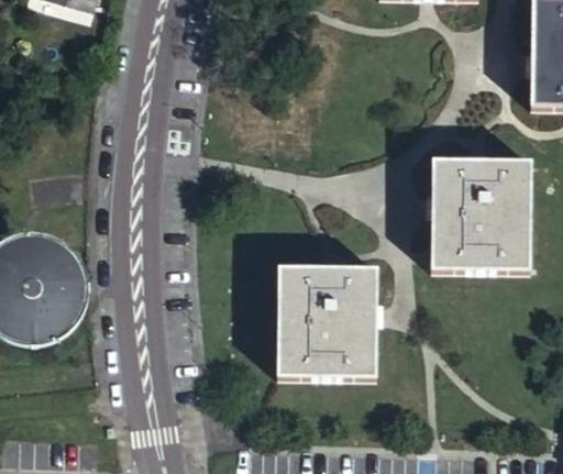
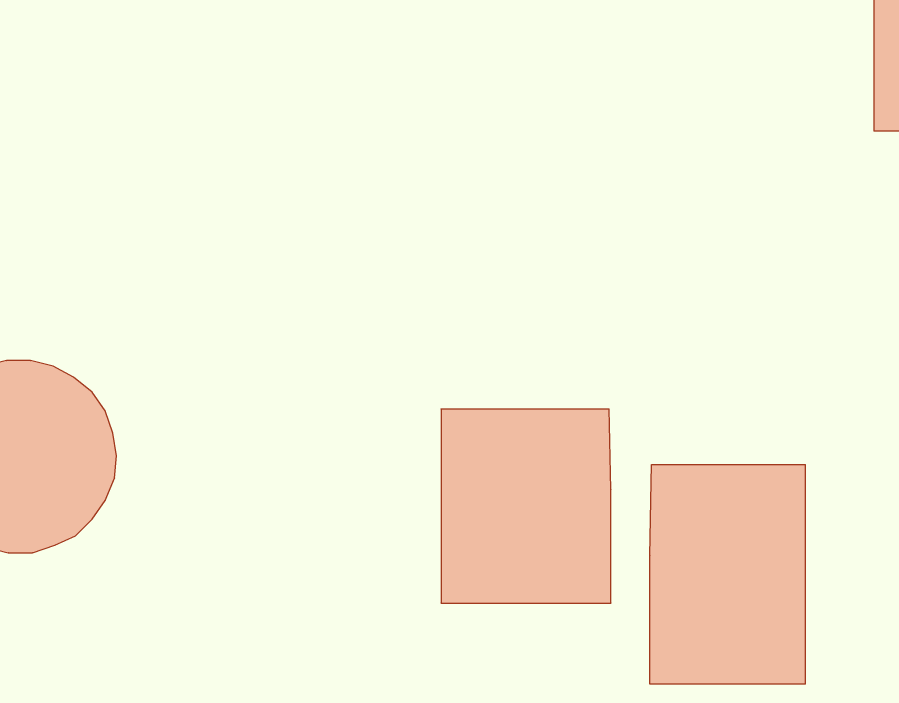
building: [433,157,531,267] -> none
building: none -> [650,465,805,684]

